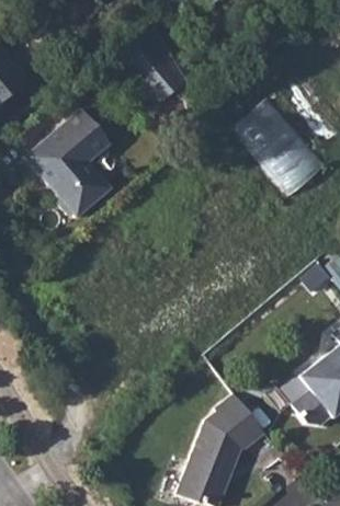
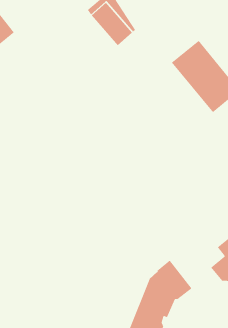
building: [24,112,111,220] -> none

